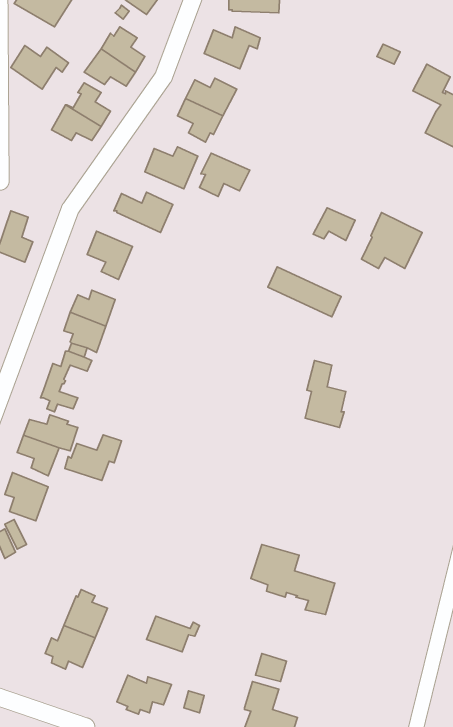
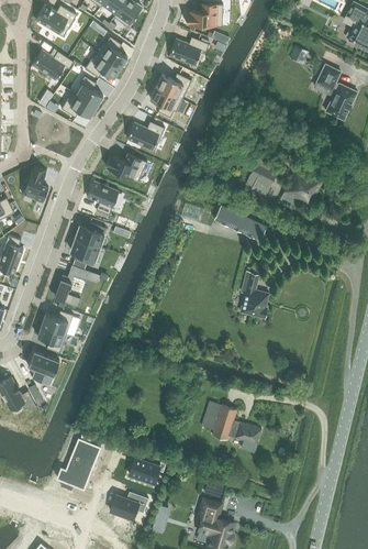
building: [199,153,250,197] -> none
building: [65,435,122,481] -> none

